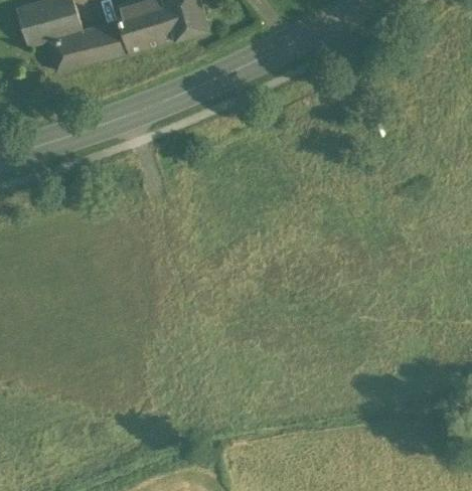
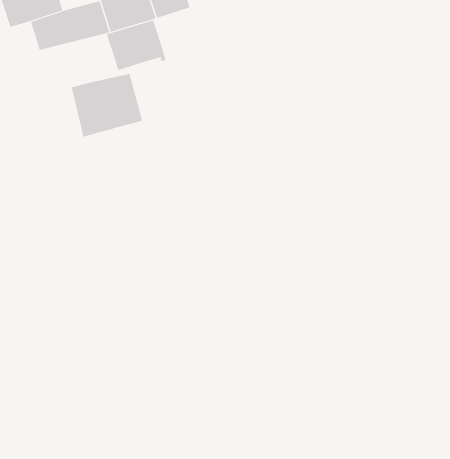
building: none -> [106,19,166,71]
building: none -> [71,73,143,137]

